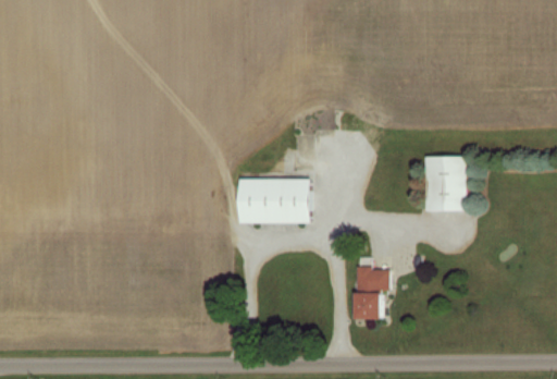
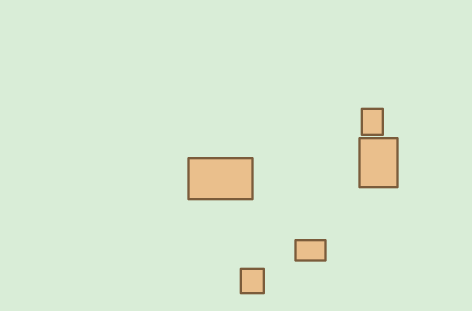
building: none -> [362,109,383,135]
building: [355,293,380,319] -> [241,269,264,293]

